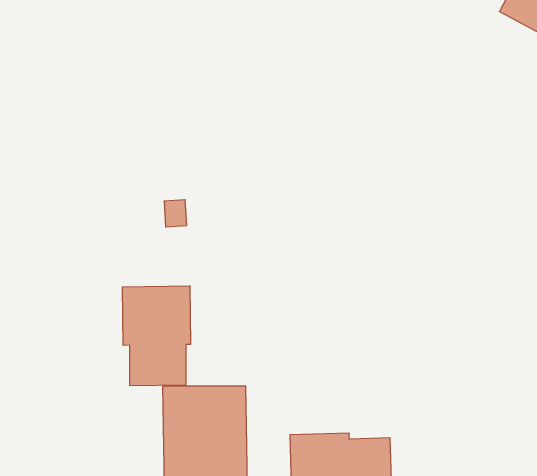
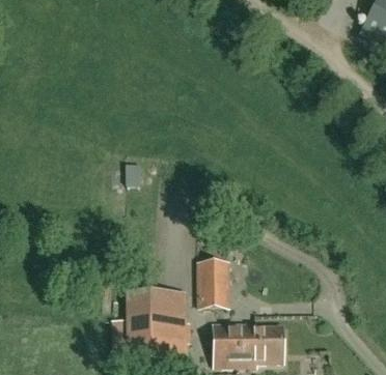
building: [122,286,191,386] -> none
building: none -> [199,260,228,306]

